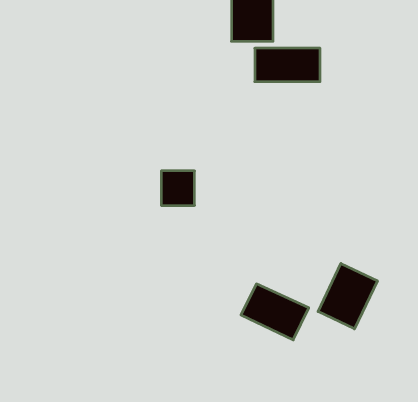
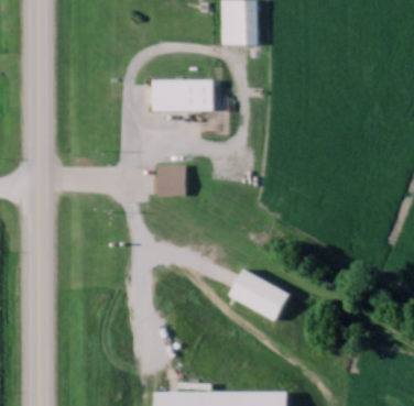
building: [255,48,320,82] -> [153,80,214,111]
building: [318,263,377,329] -> none

